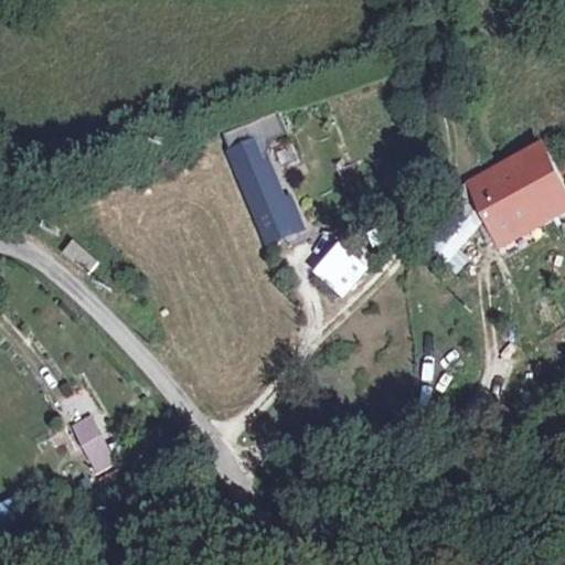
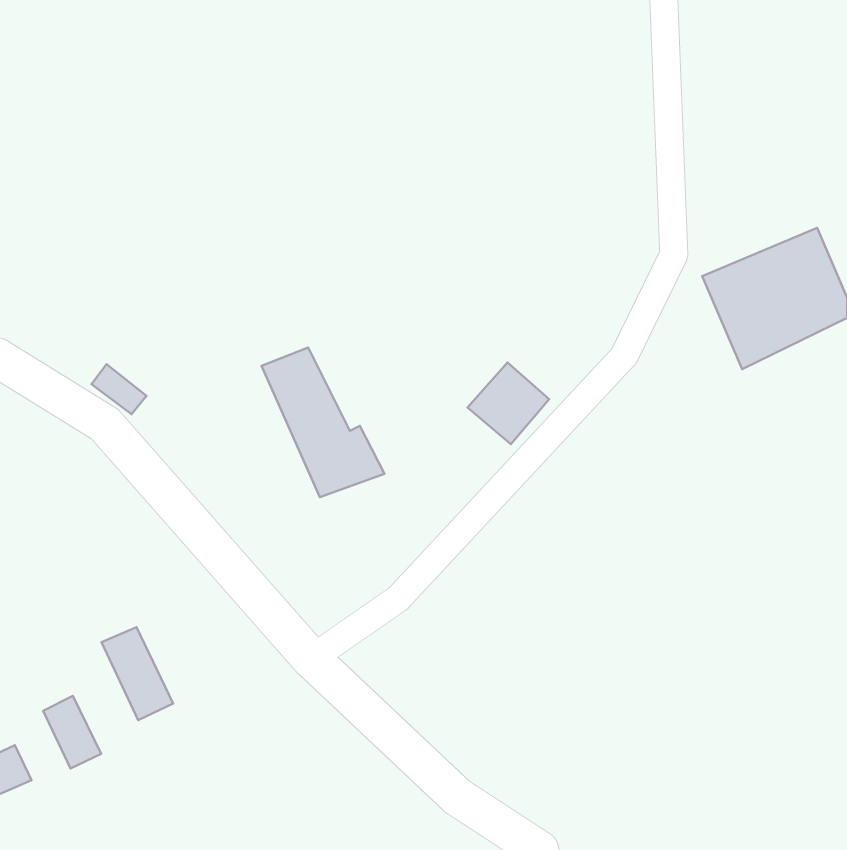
building: [234,138,316,237] -> [261,348,385,497]
building: none -> [43,696,101,768]

